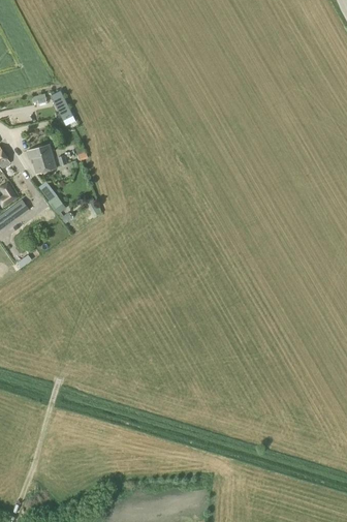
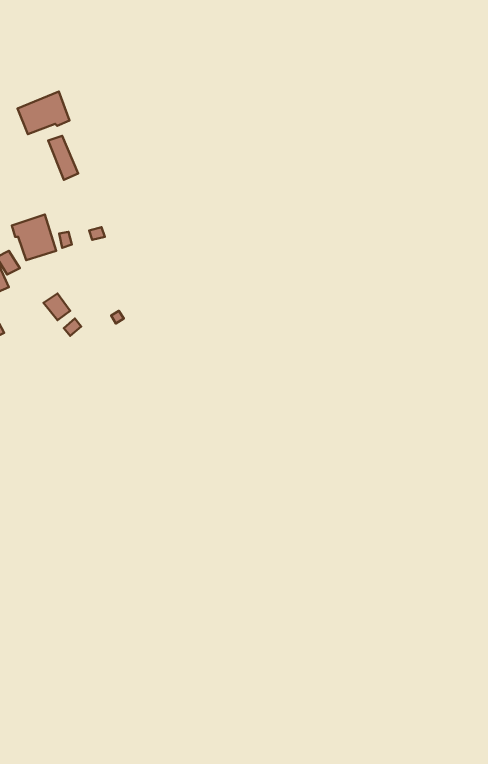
building: none -> [18,92,70,134]

